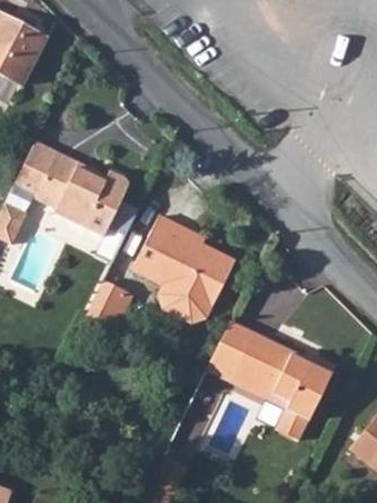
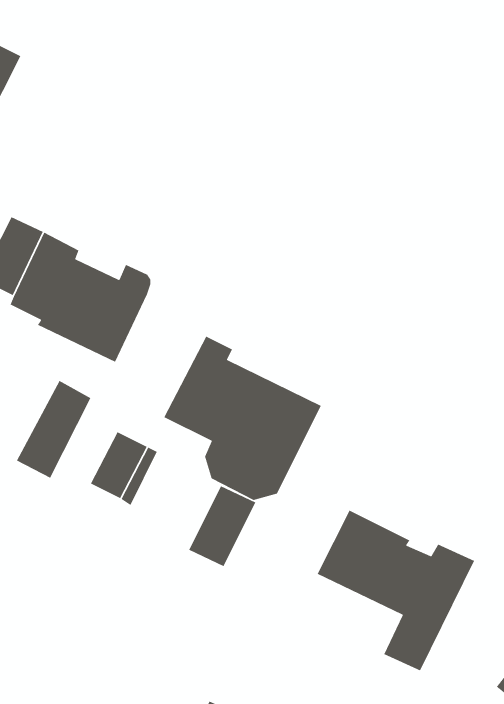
building: none -> [16,380,92,479]
building: [212,322,257,375] -> [188,485,256,567]

